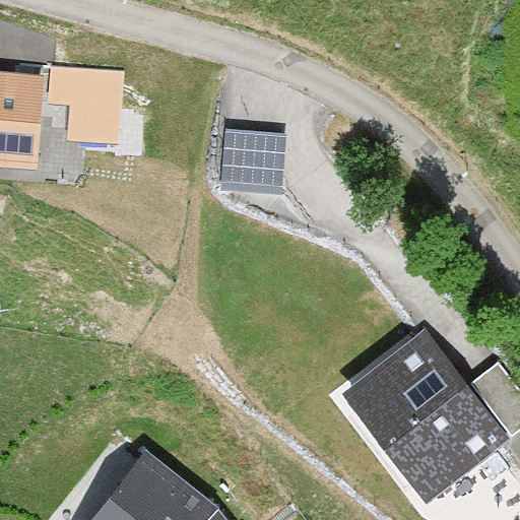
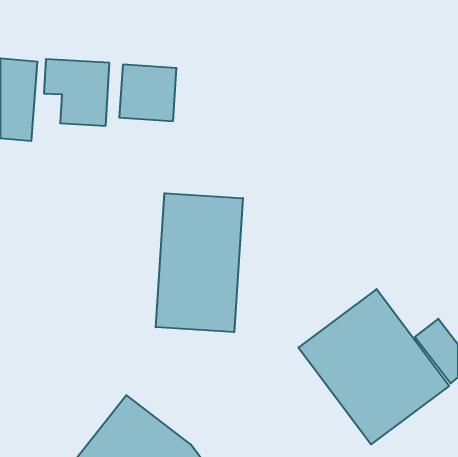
building: [221,132,286,196] -> [119,65,177,121]
building: none -> [156,193,243,332]

